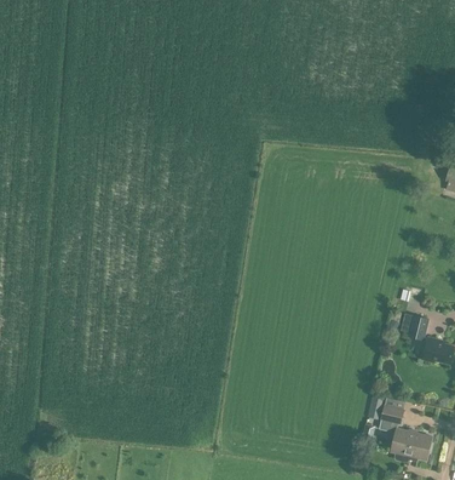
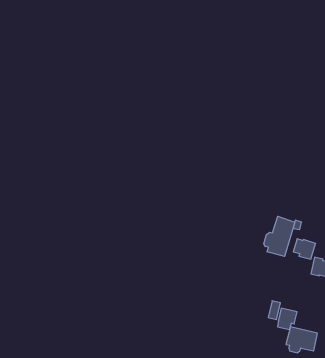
building: none -> [264,216,295,256]

